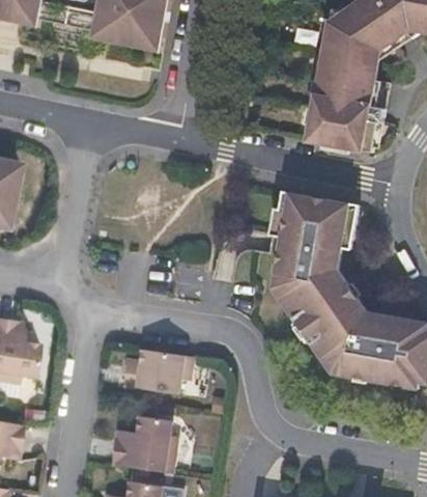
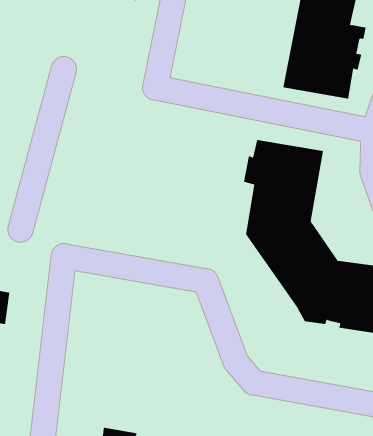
building: [123,350,192,393] -> none
building: [111,416,176,473] -> none

